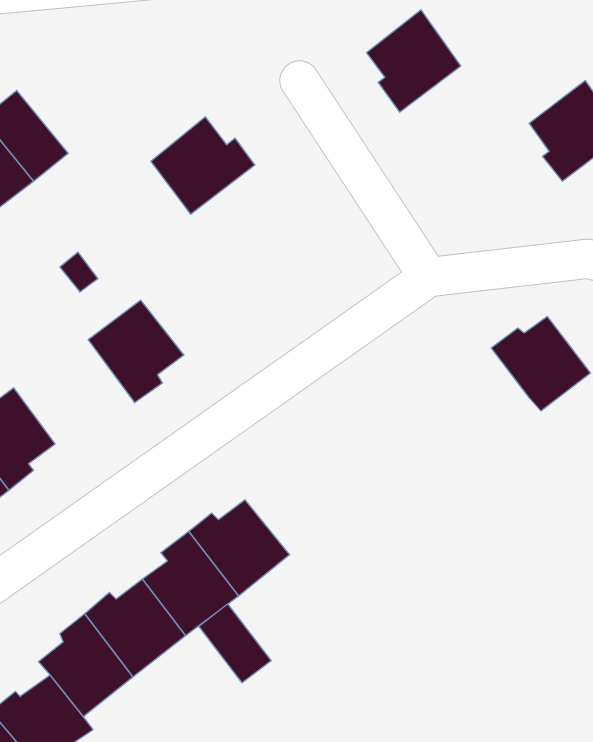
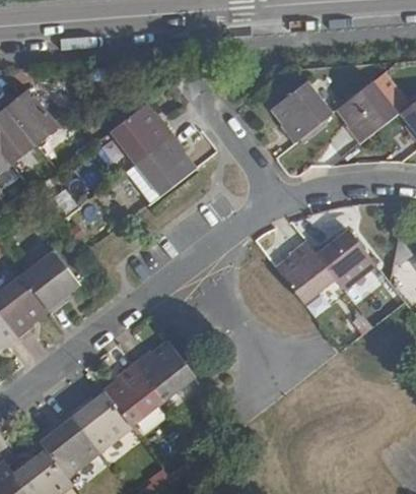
building: [367,10,461,112] -> [276,81,334,144]
building: none -> [133,135,192,197]
building: [88,300,184,403] -> [24,248,83,311]
building: none -> [282,240,340,302]
building: [199,604,271,683] -> none

